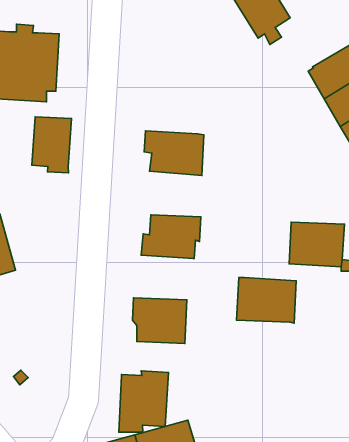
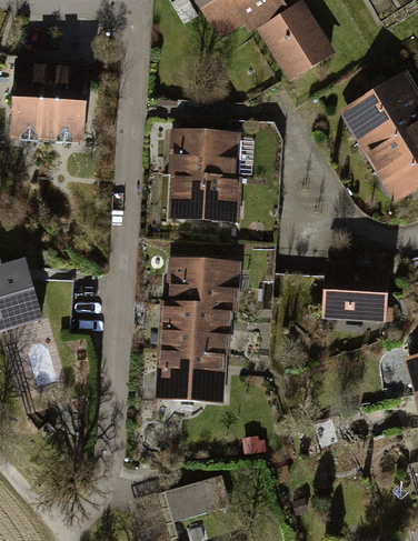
building: none -> [173,132,233,177]
building: [32,117,72,173] -> none
building: [237,277,296,323] -> [163,303,226,351]
building: [119,371,169,432] -> none

